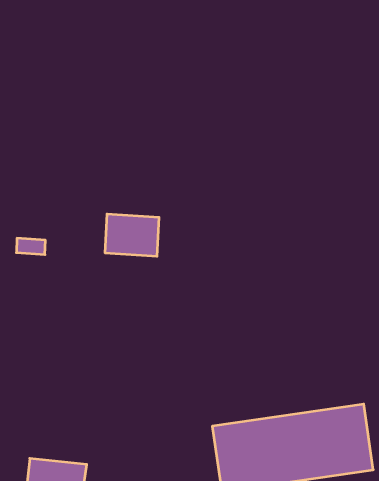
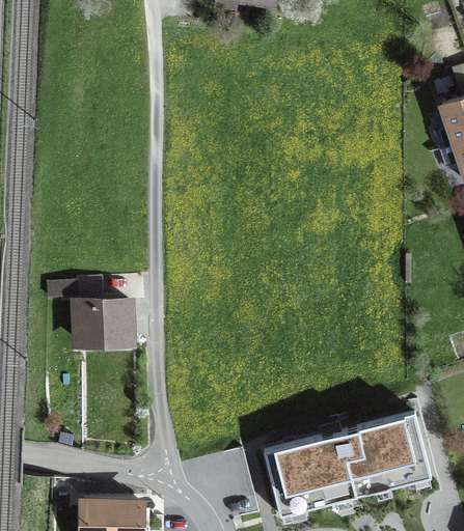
building: [105,214,159,256] -> [76,302,131,343]

